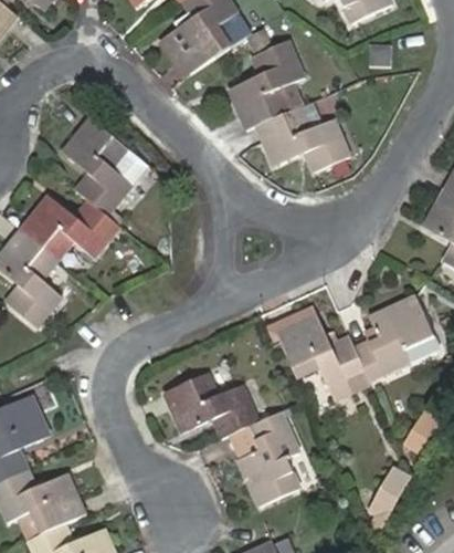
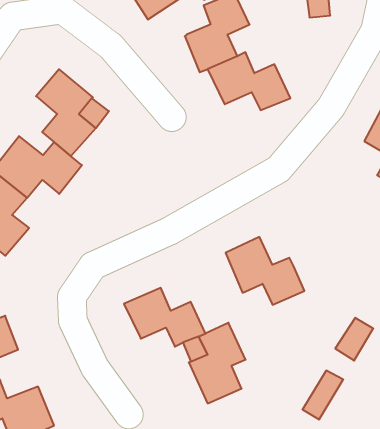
building: [351,291,435,378] -> none

